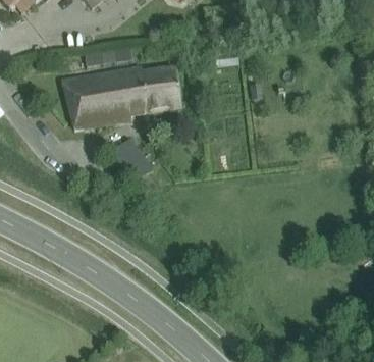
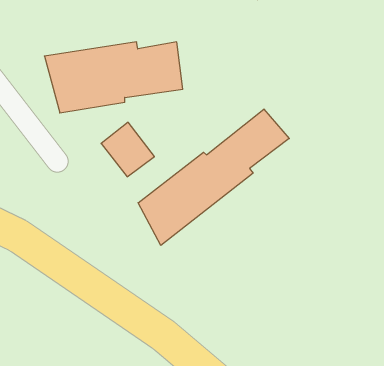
building: none -> [138,109,289,245]

